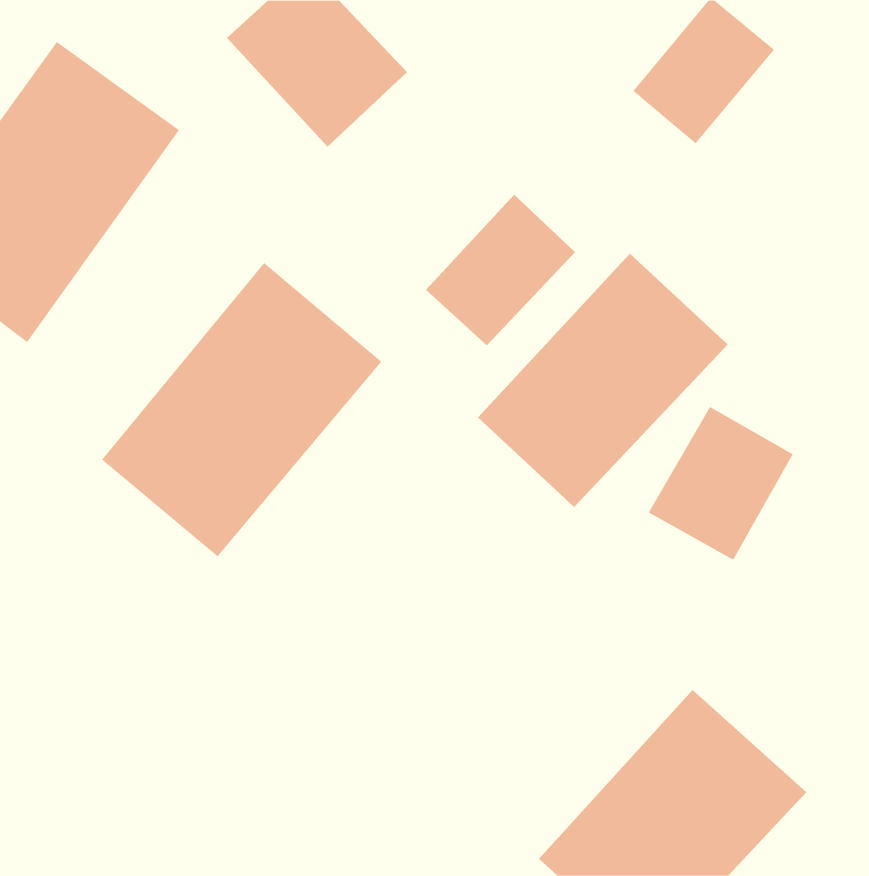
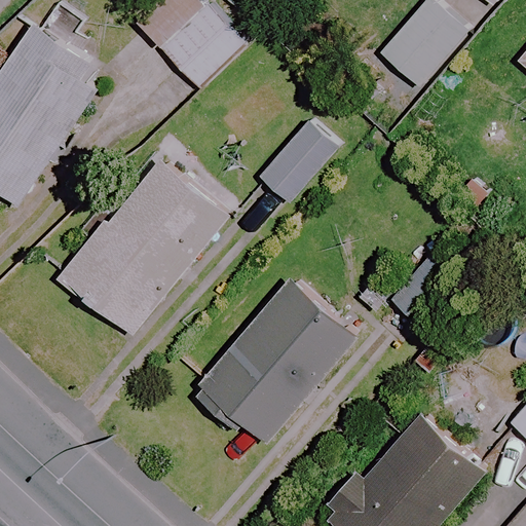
building: [477,253,728,508] -> none
building: none -> [193,280,356,449]

